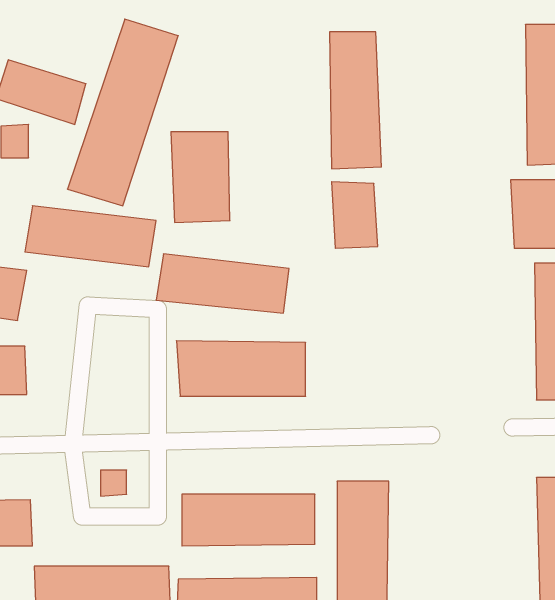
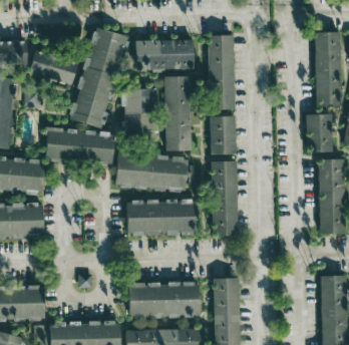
building: none -> [136,40,192,67]
building: none -> [163,76,193,151]
building: none -> [212,162,236,237]

